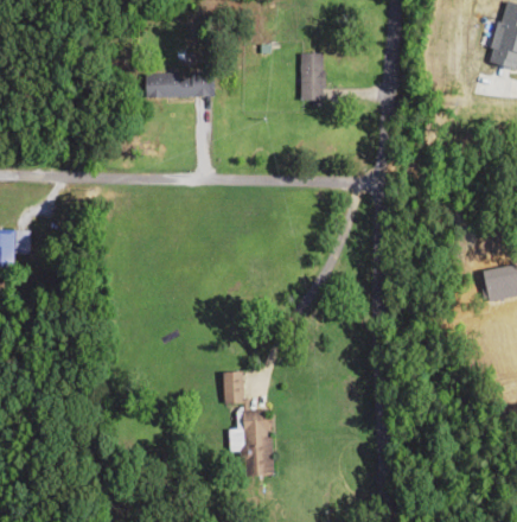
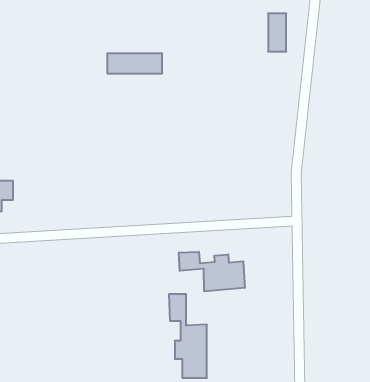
building: [301,53,324,101] -> [268,13,286,52]
building: none -> [179,252,245,291]

